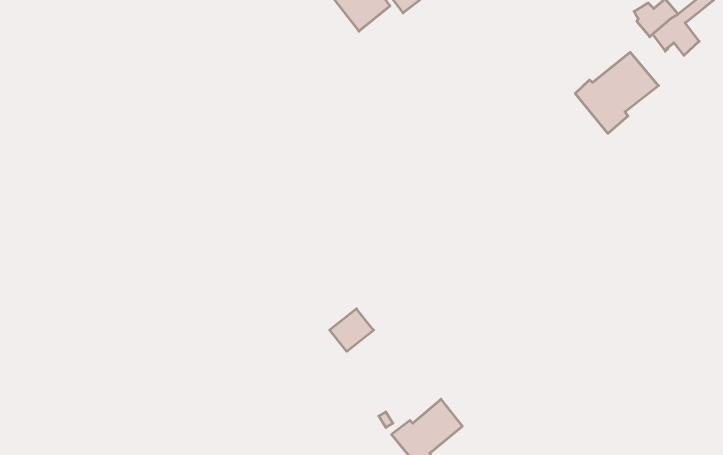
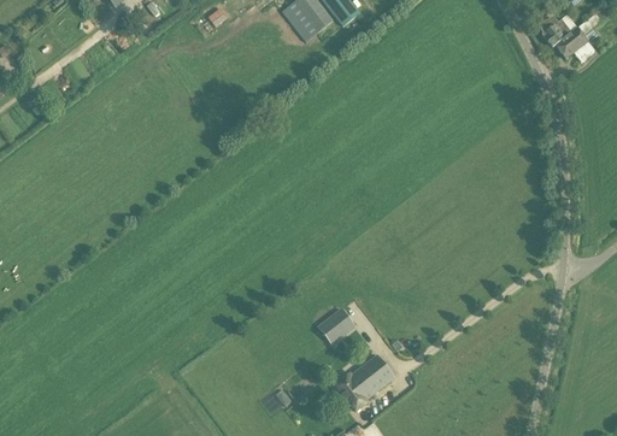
building: [575,52,659,133] -> none
building: [330,309,374,351] -> [317,307,354,343]

